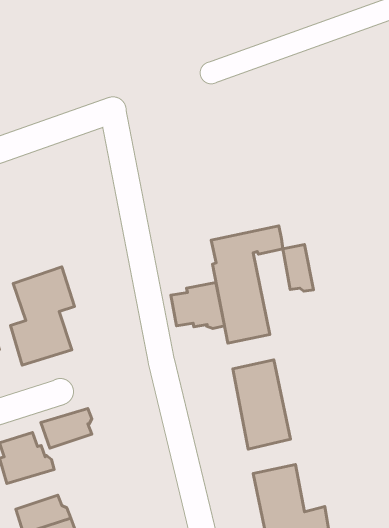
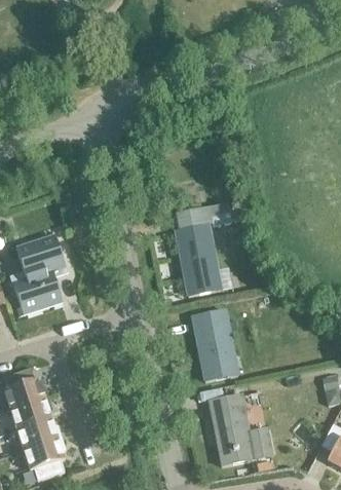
building: [283,245,313,291] -> none
building: [171,282,224,328] -> none
building: [41,409,92,448] -> [9,398,50,429]

